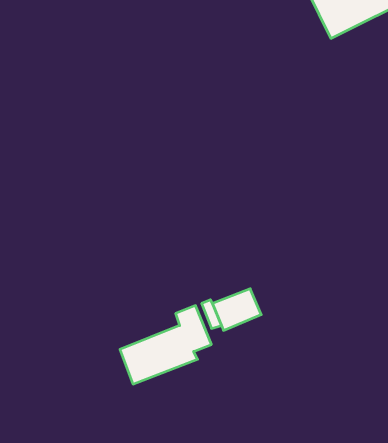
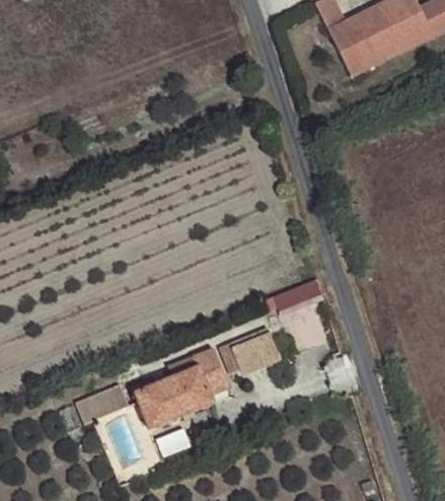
building: none -> [271,277,324,312]
building: none -> [79,382,129,419]

